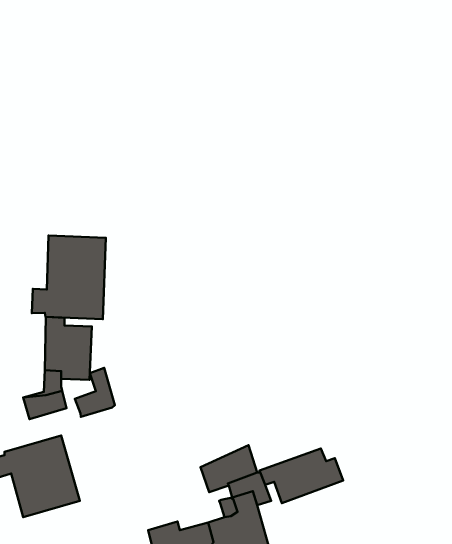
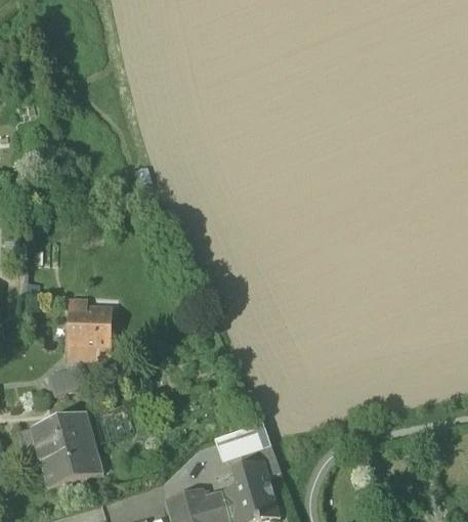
building: [32,236,106,319] -> none
building: [75,368,115,417] -> none
building: [260,449,343,503] -> none

